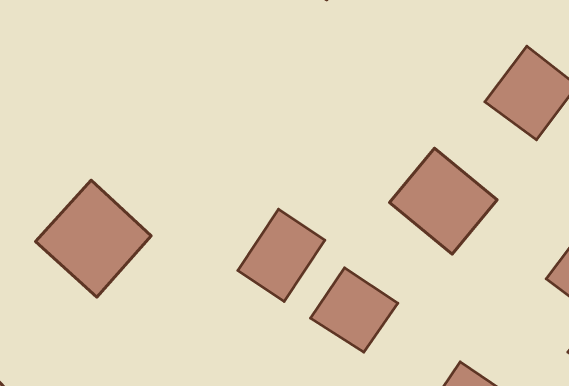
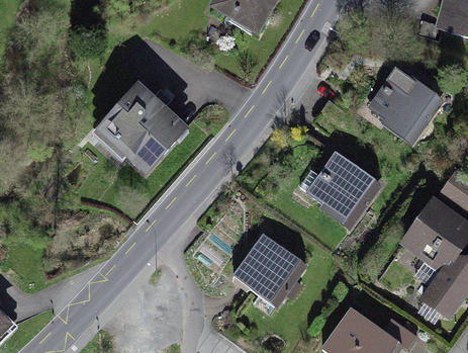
building: [35,180,151,297] -> [97,86,183,173]
building: [238,209,325,301] -> none

